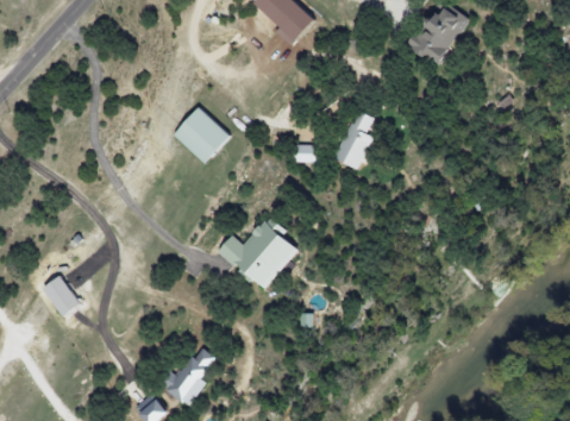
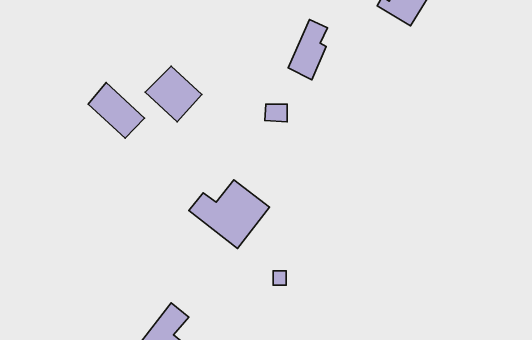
building: [334,109,374,170] -> [288,19,327,80]
building: none -> [88,83,144,138]
building: [43,275,80,316] -> none

